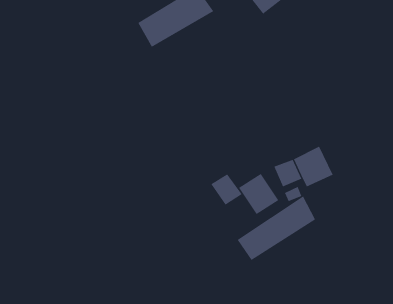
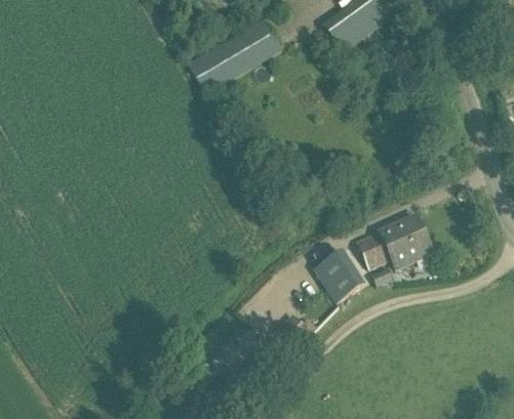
building: [211,173,242,206] -> none
building: [237,195,316,261] -> none

